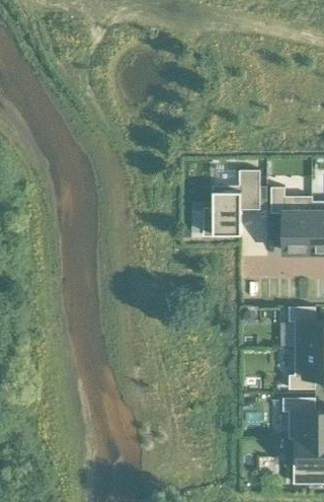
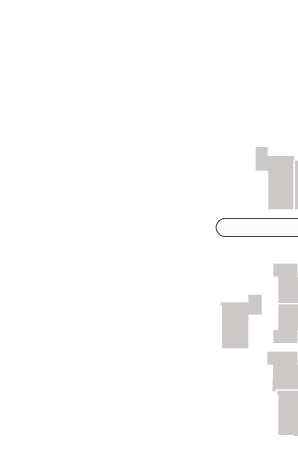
building: [202,169,266,235] -> none
building: none -> [220,294,262,349]

